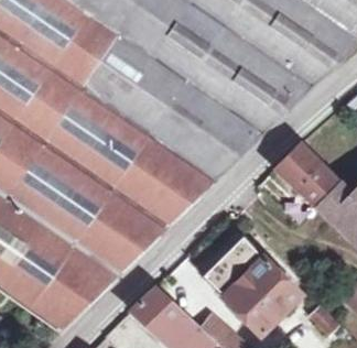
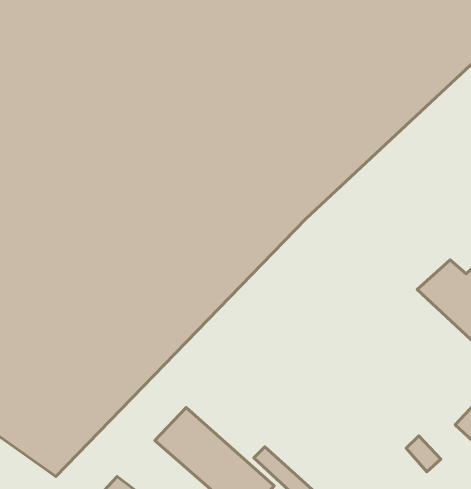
building: [273,143,337,204] -> none
building: [198,235,300,330] -> none

